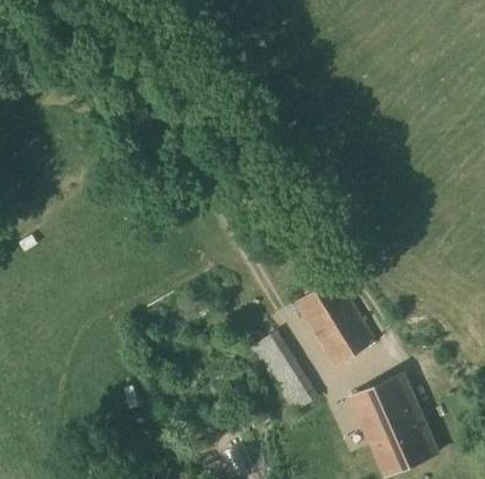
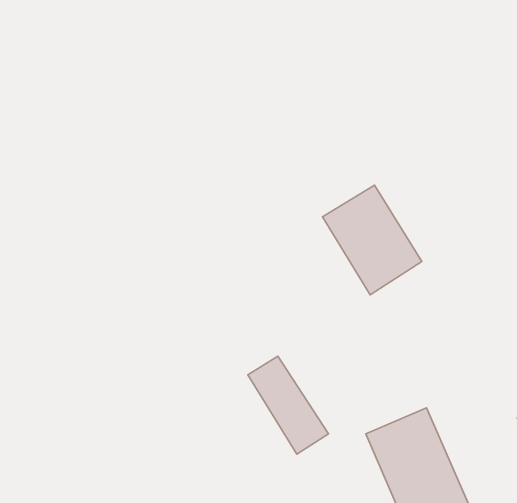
building: [294,276,377,368] -> [323,185,422,295]

